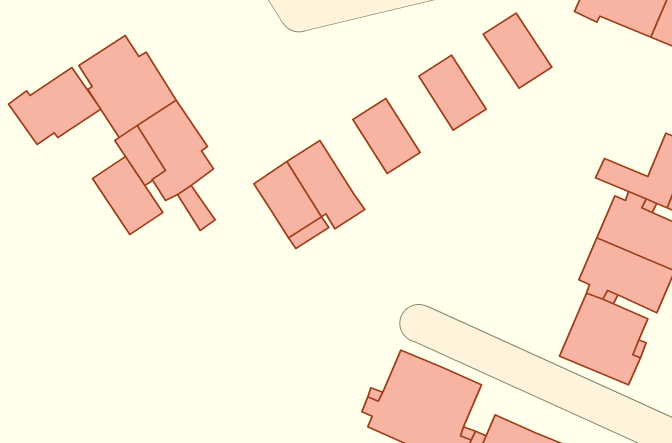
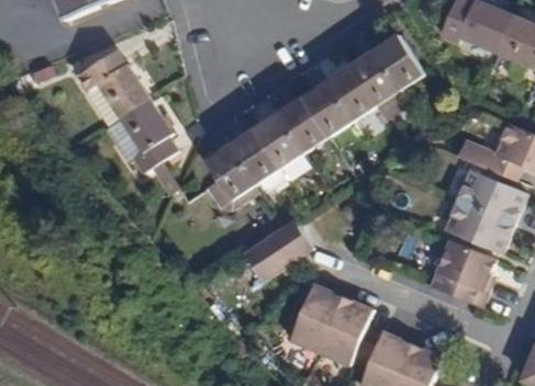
building: none -> [349,50,399,105]
building: [8,67,101,145] -> none
building: none -> [301,81,350,137]
building: none -> [253,113,302,168]
building: [92,156,163,235] -> none
building: none -> [243,219,312,280]

